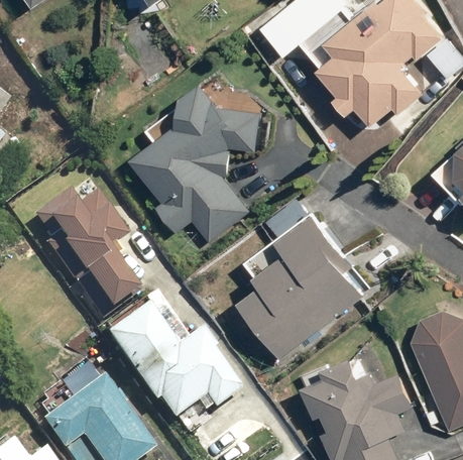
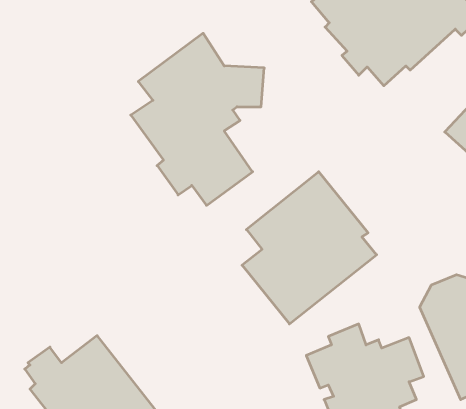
building: [28,176,134,320] -> none
building: [95,294,235,422] -> none

